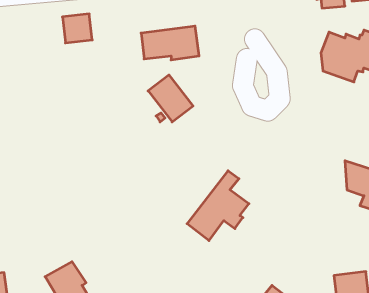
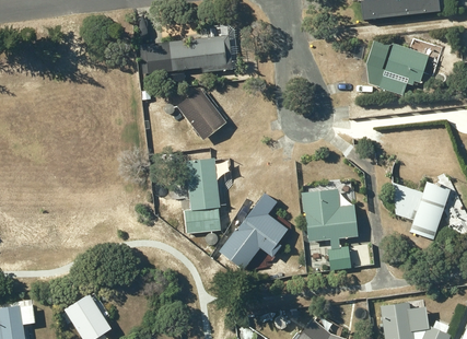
building: [62,14,92,43] -> [140,43,173,74]
building: none -> [183,157,221,234]
building: none -> [301,189,370,271]

